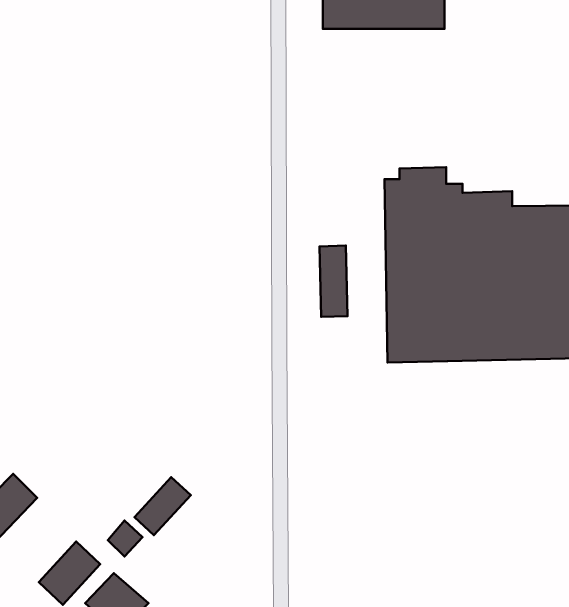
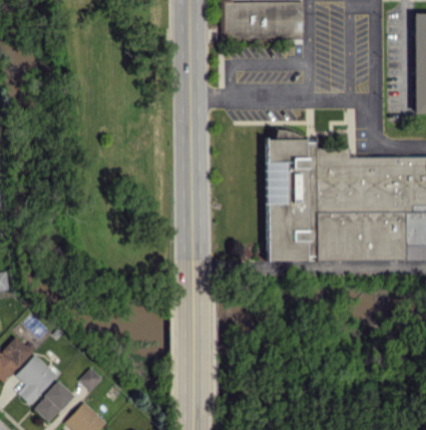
building: [320,246,347,317] -> none
building: [134,477,191,535] -> none
building: none -> [16,355,58,406]

